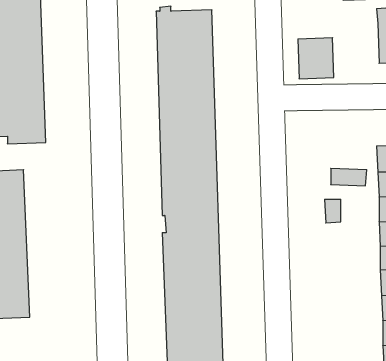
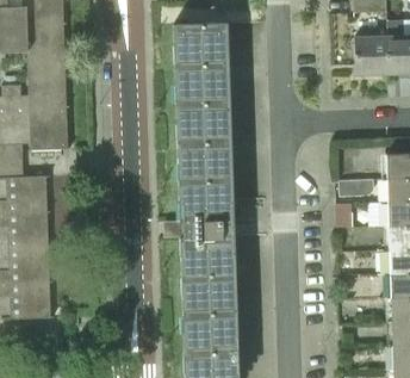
building: [298,38,334,79] -> [354,36,389,75]

